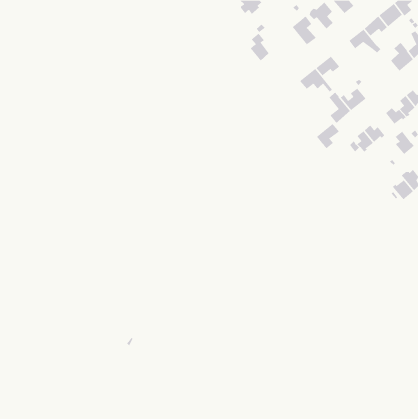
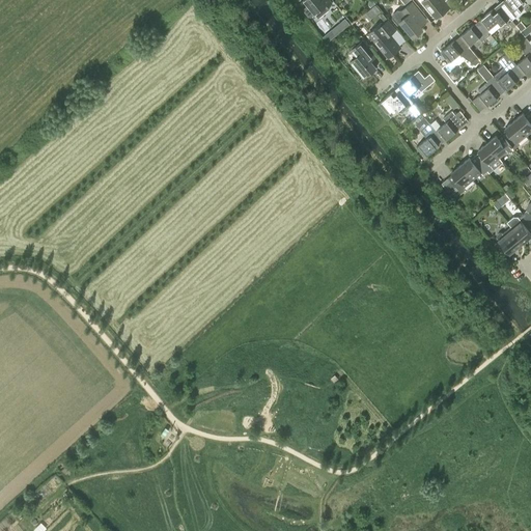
building: [250,33,270,61] -> [352,41,376,78]
building: none -> [478,77,506,107]
building: [316,123,340,149] -> none
building: [395,131,415,155] -> [479,143,504,173]

